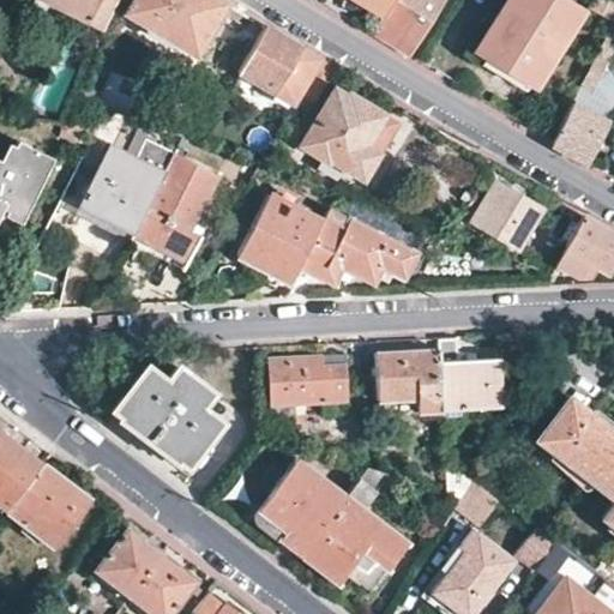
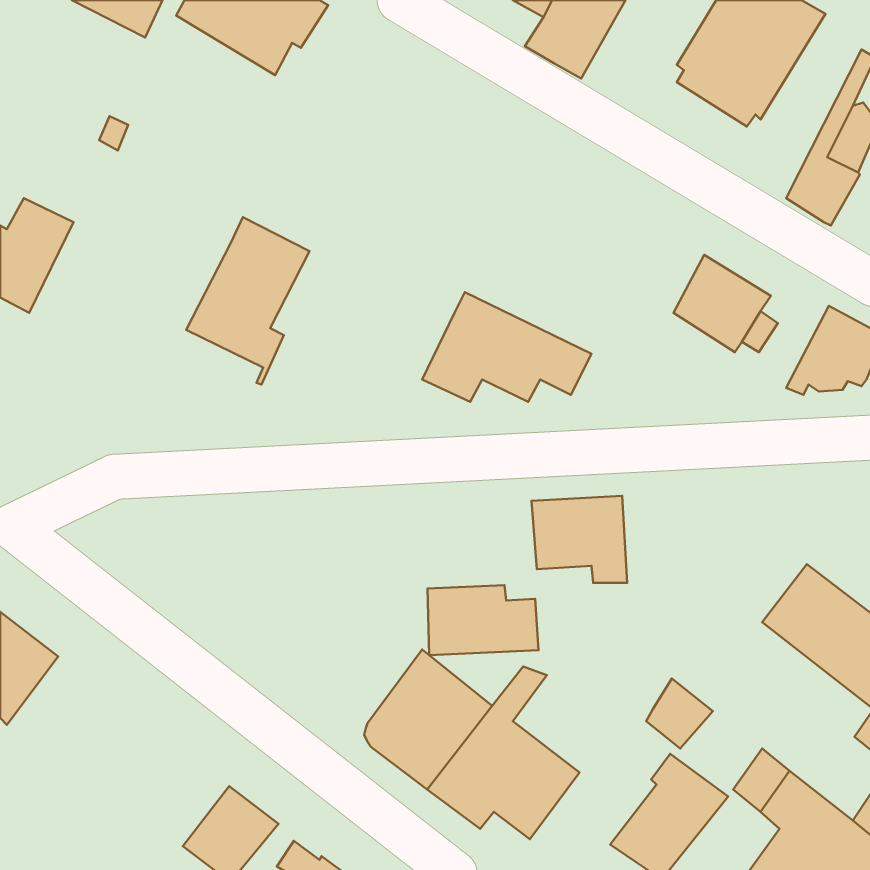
building: [237,25,335,103] -> none
building: [302,90,392,179] -> none
building: [78,144,173,234] -> none
building: [237,195,321,283] -> none
building: [439,349,501,411] -> none
building: [269,357,347,407] -> [428,585,539,655]
building: [113,367,223,470] -> none
building: [7,463,100,553] -> none
building: [98,529,163,596] -> none

